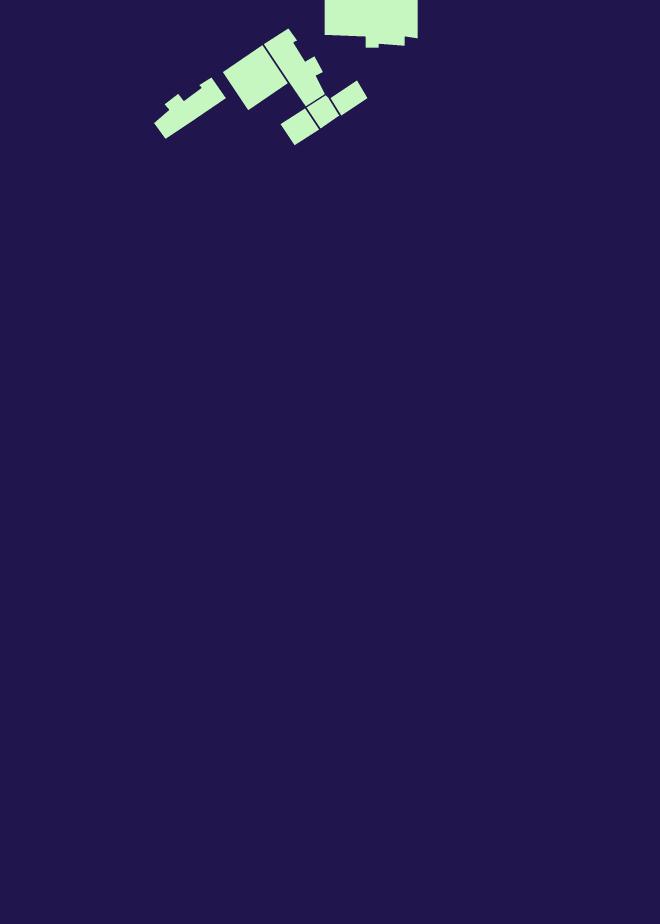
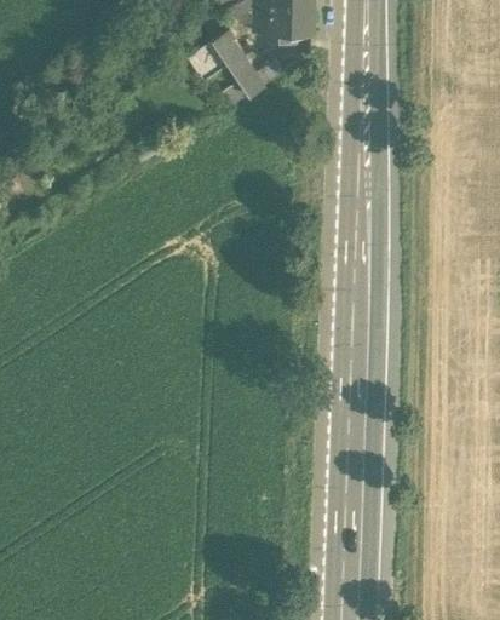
building: [153,77,227,140] -> none

